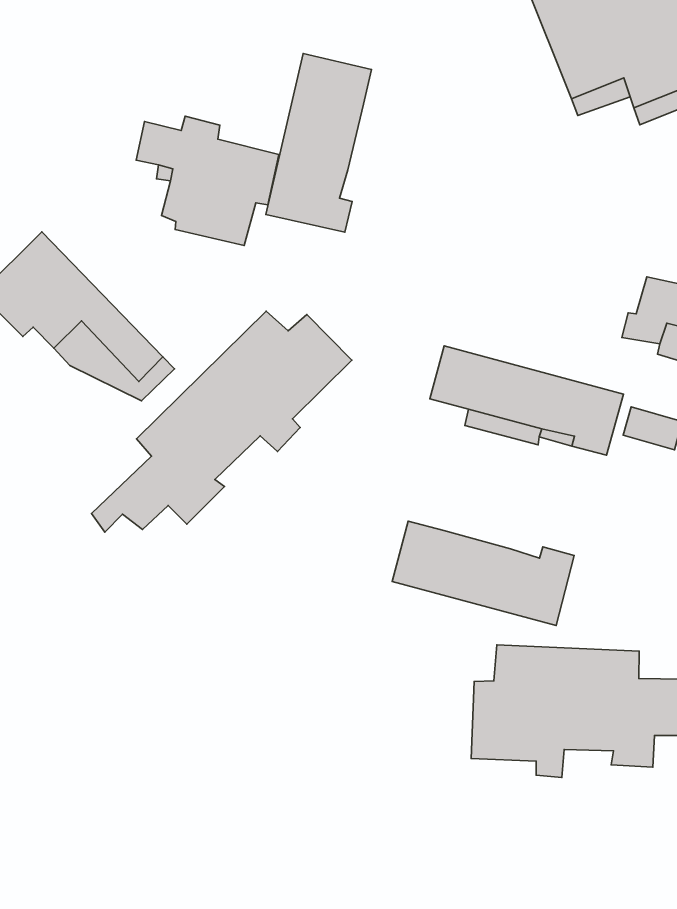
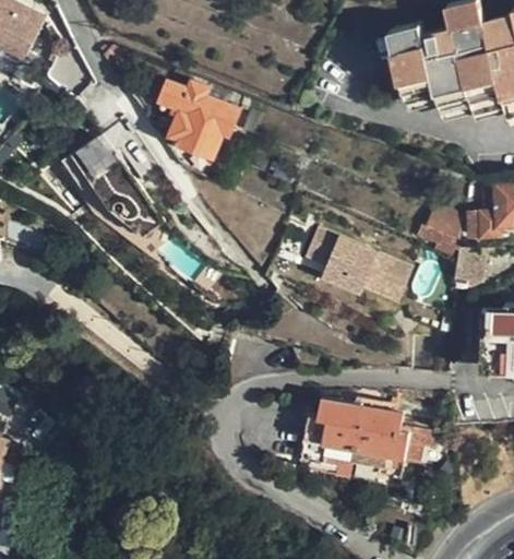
building: [266,54,371,232] -> none
building: [91,311,352,532] -> none
building: [392,521,574,626] -> none

